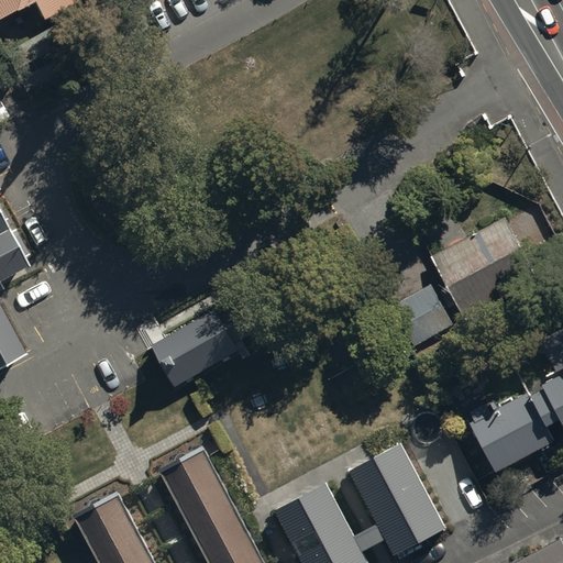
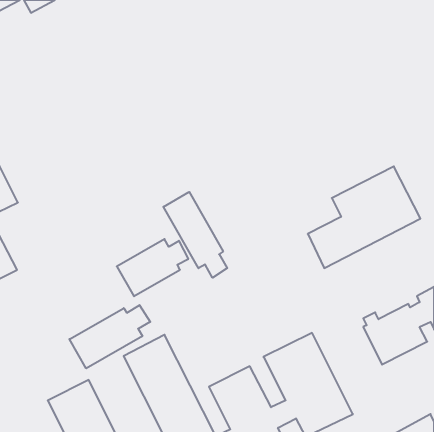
building: none -> [163,192,227,278]
building: none -> [69,305,150,368]

